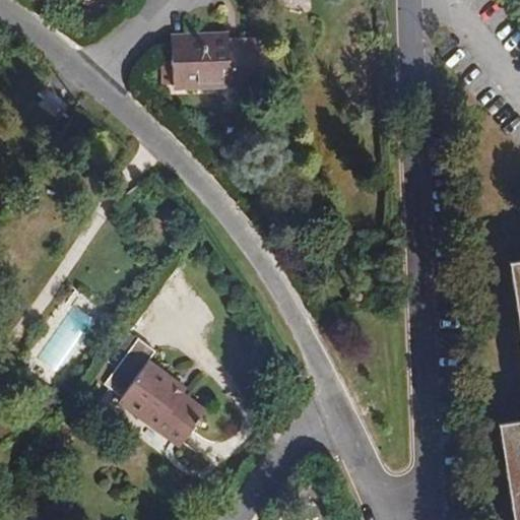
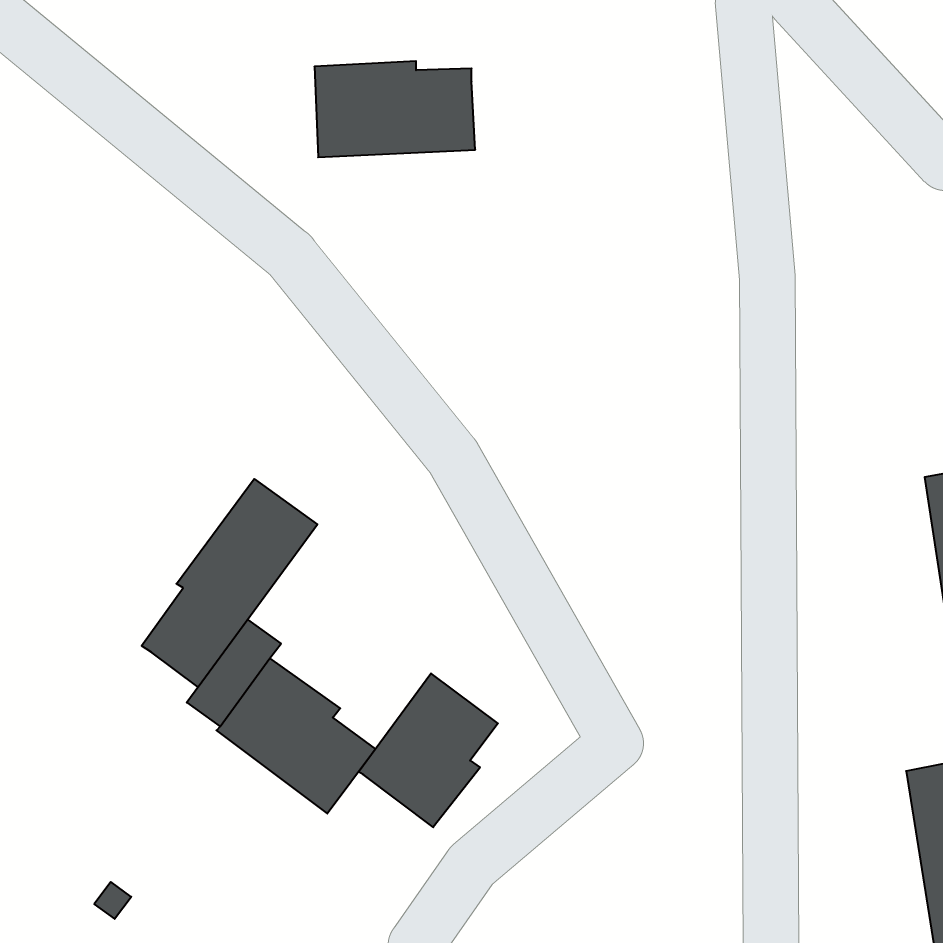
building: none -> [142,479,317,687]
building: none -> [359,673,498,827]

